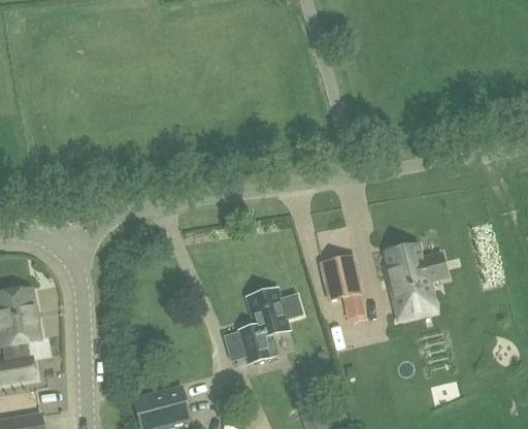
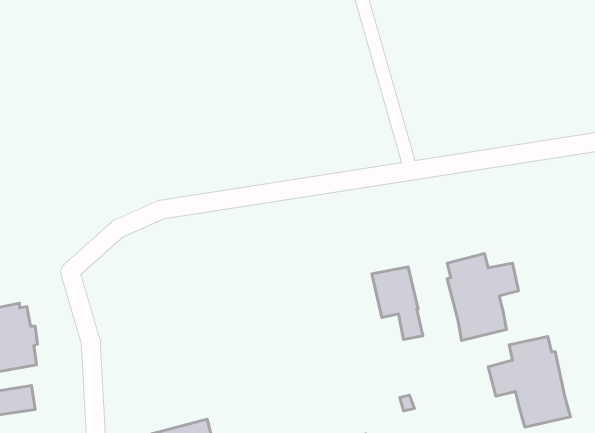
building: [224,286,303,362] -> none
building: none -> [488,337,571,427]

